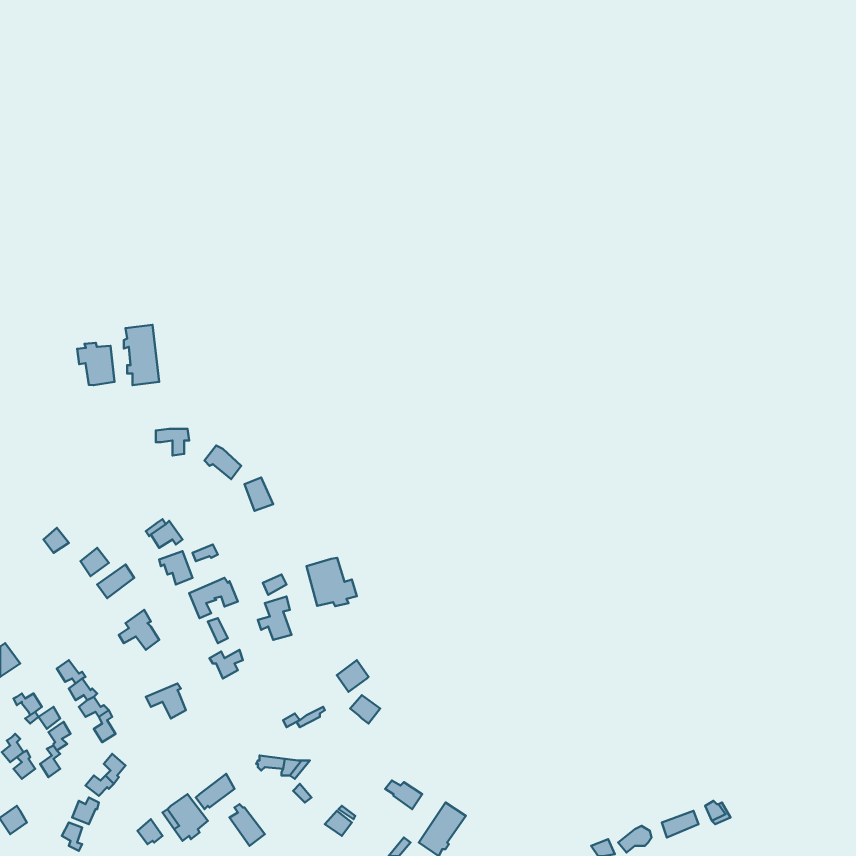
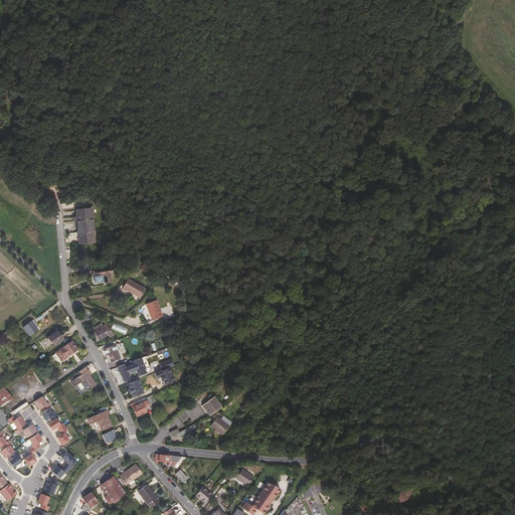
building: [77,343,115,385] -> none
building: [306,558,357,606] -> none

